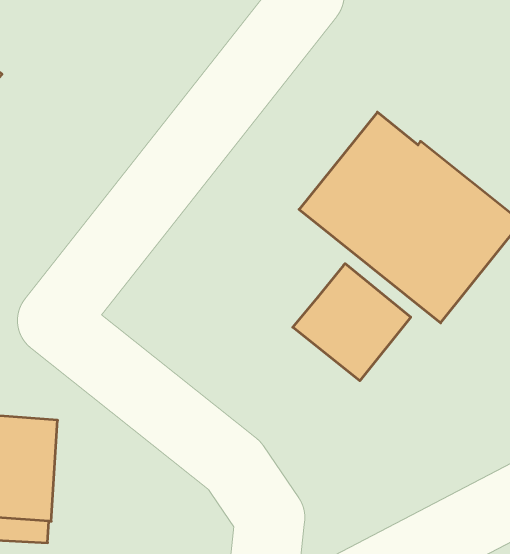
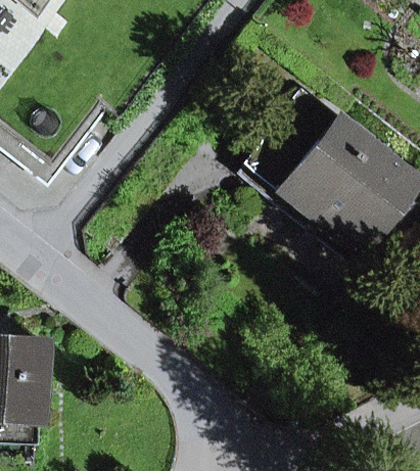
building: [293,264,411,381] -> none

